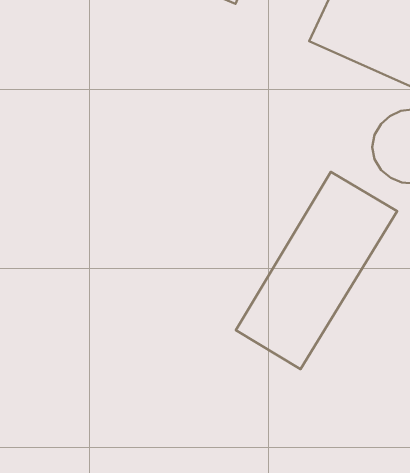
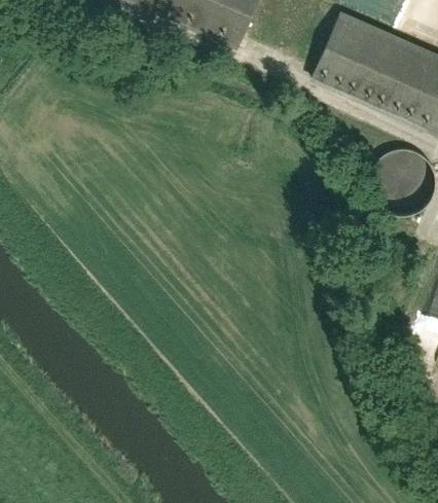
building: [236,172,397,369] -> none

